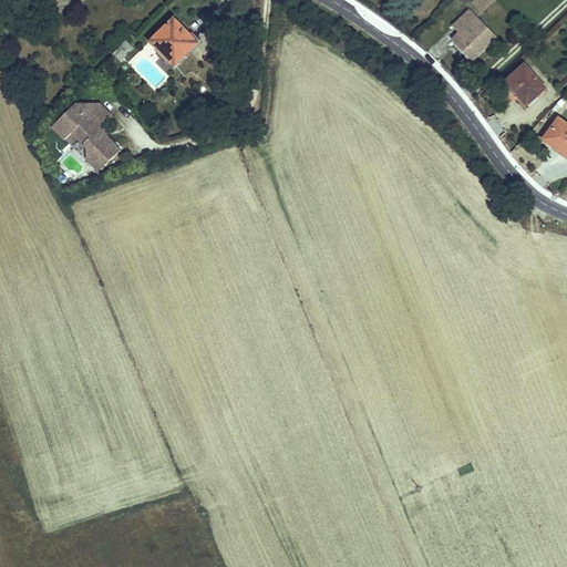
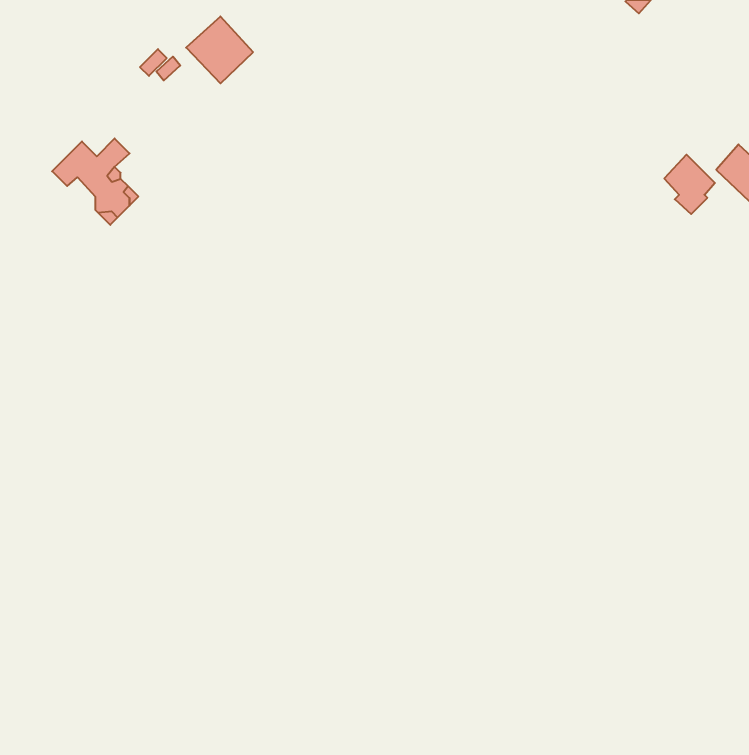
building: [454,11,497,60] -> none
building: [508,59,546,103] -> [664,155,715,214]

